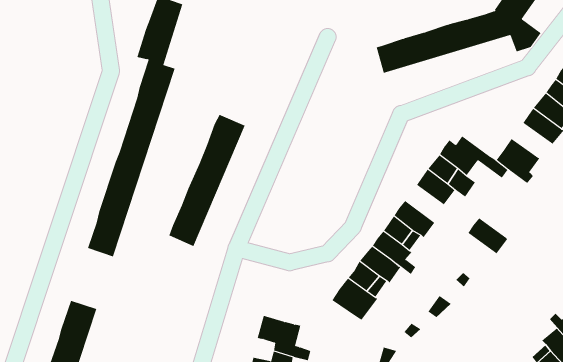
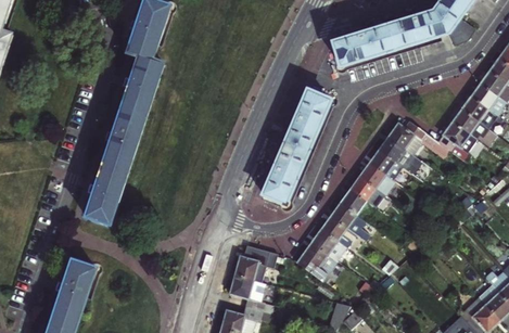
building: [168,114,246,247] -> [263,93,329,207]
building: none -> [449,111,485,140]
building: [468,218,508,254] -> [358,164,393,195]
building: none -> [237,246,280,283]

